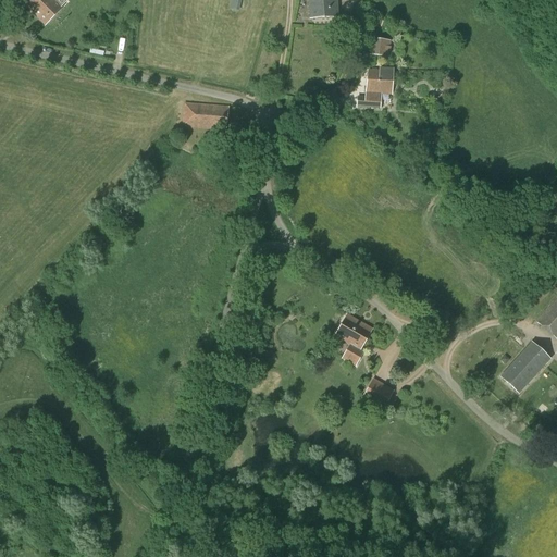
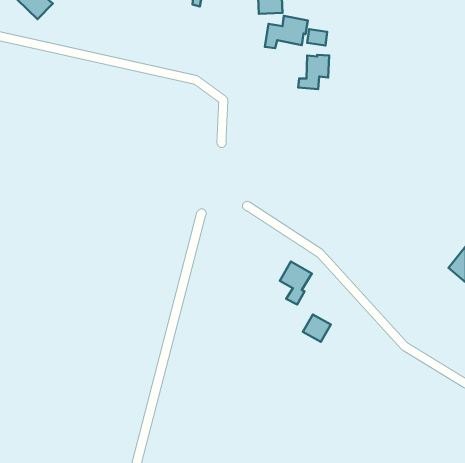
building: none -> [265,16,308,48]
building: [184,100,228,128] -> none
building: [502,341,550,391] -> none

